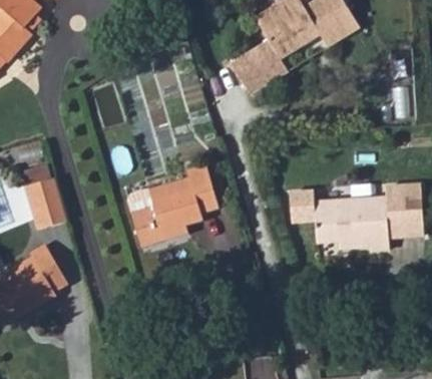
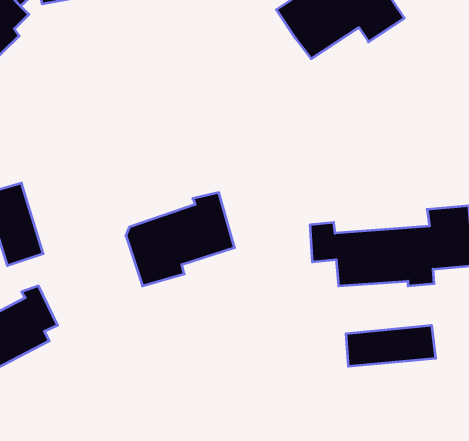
building: [232,38,292,96] -> none
building: none -> [346,325,436,366]

